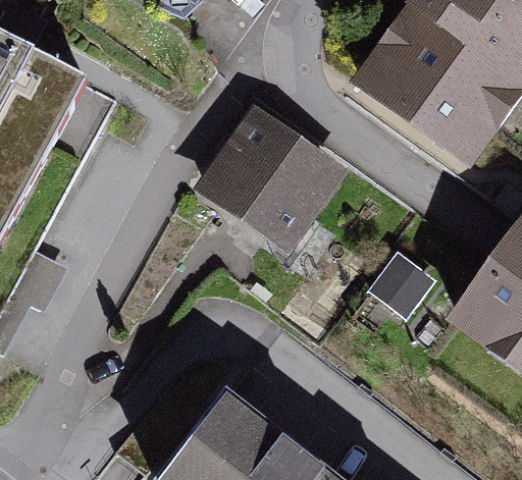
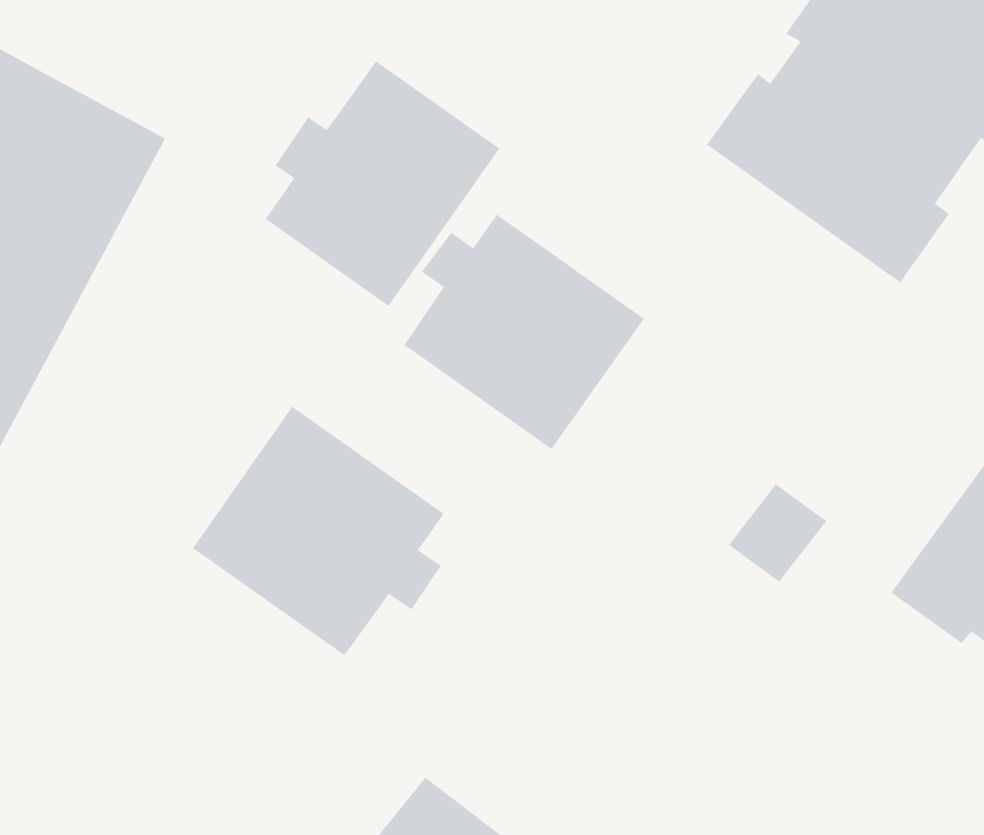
building: none -> [265,61,500,307]
building: none -> [192,406,444,656]

